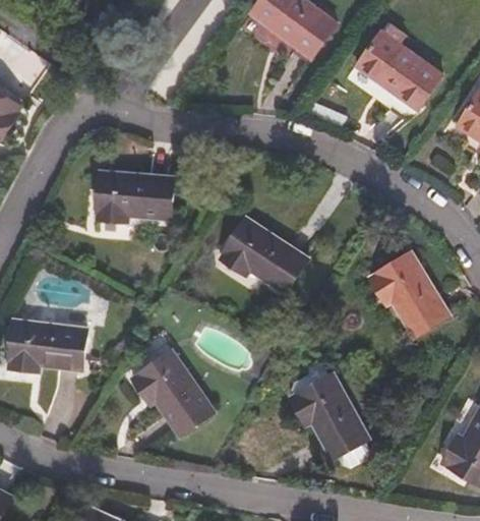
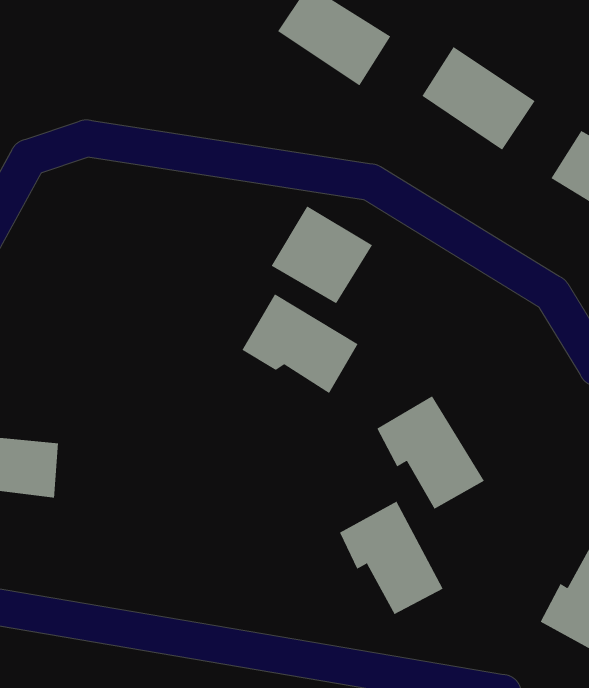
building: none -> [271,205,373,304]
building: [93,173,171,223] -> none
building: [369,251,449,336] -> [376,396,485,510]
building: [133,348,216,433] -> none

